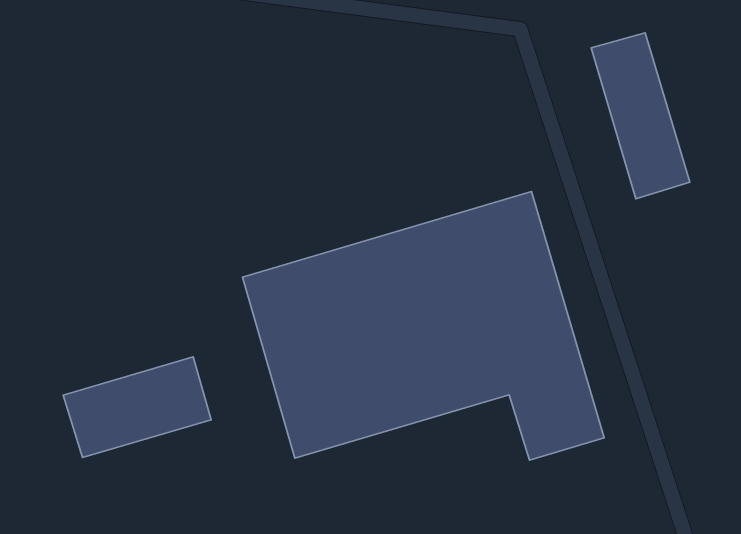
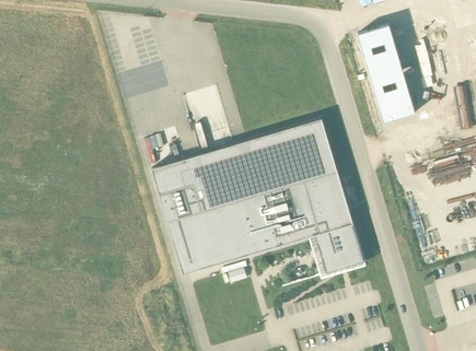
building: [63,357,211,457] -> none

